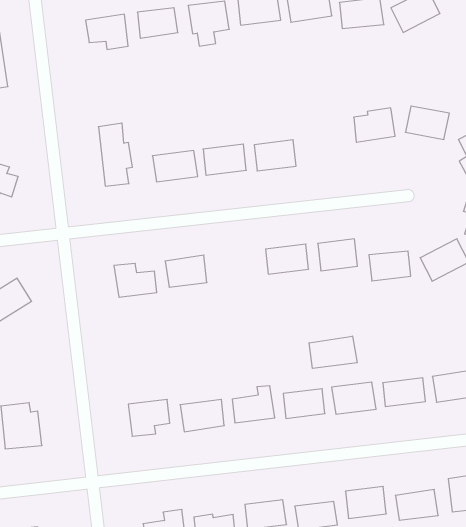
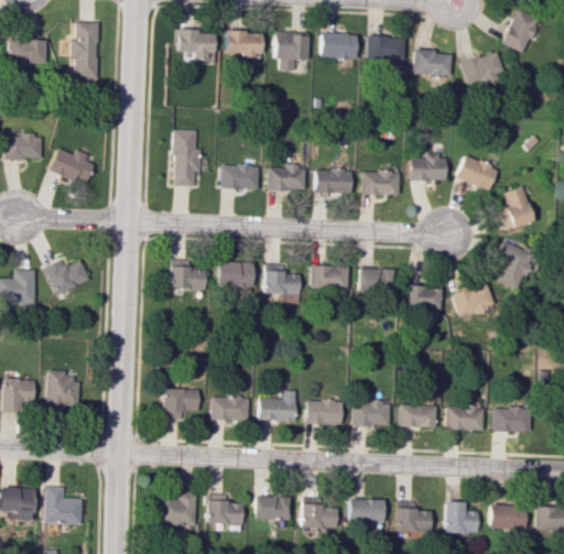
building: none -> [360,171,399,195]
building: none -> [263,272,300,302]
building: [309,336,357,368] -> none

